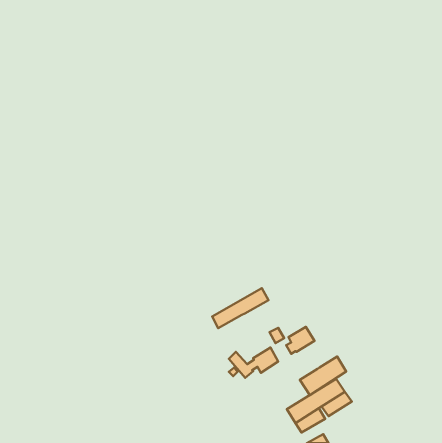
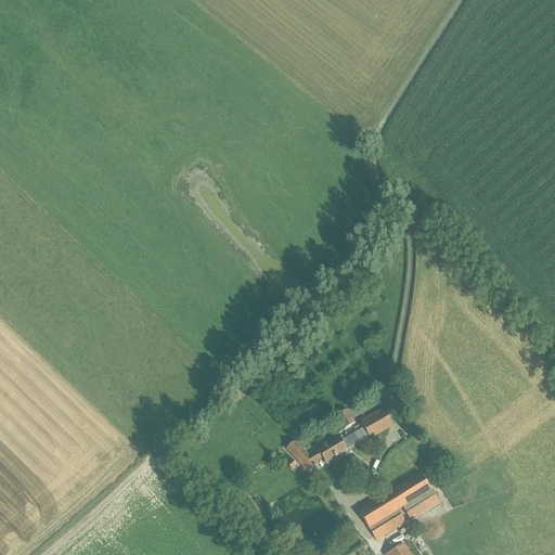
building: [212,288,268,328] -> none
building: [300,357,346,395] -> none

